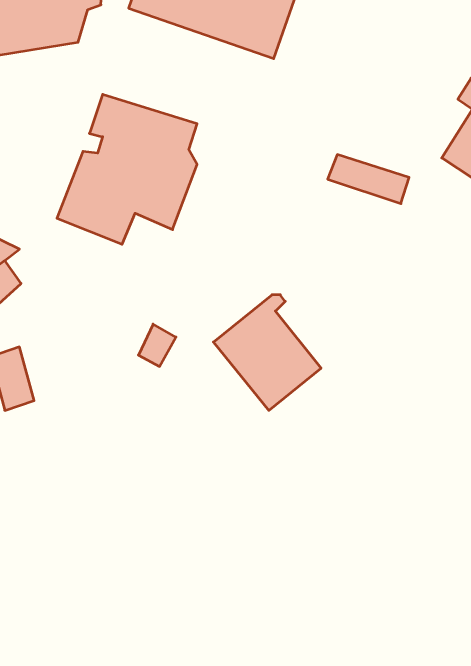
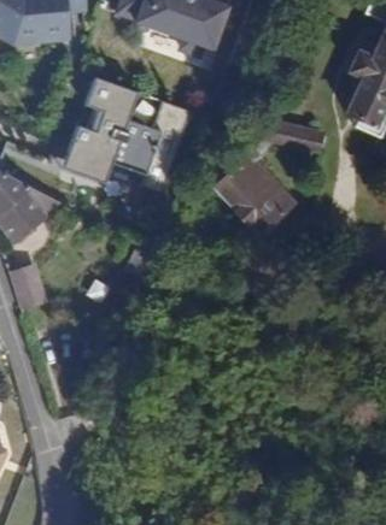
building: [213,295,321,410] -> [212,152,292,237]

